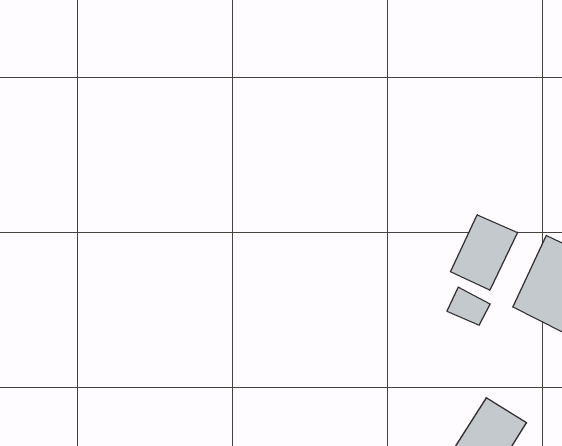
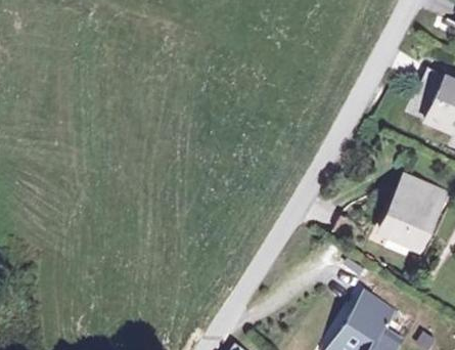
building: [450,215,518,290] -> none

